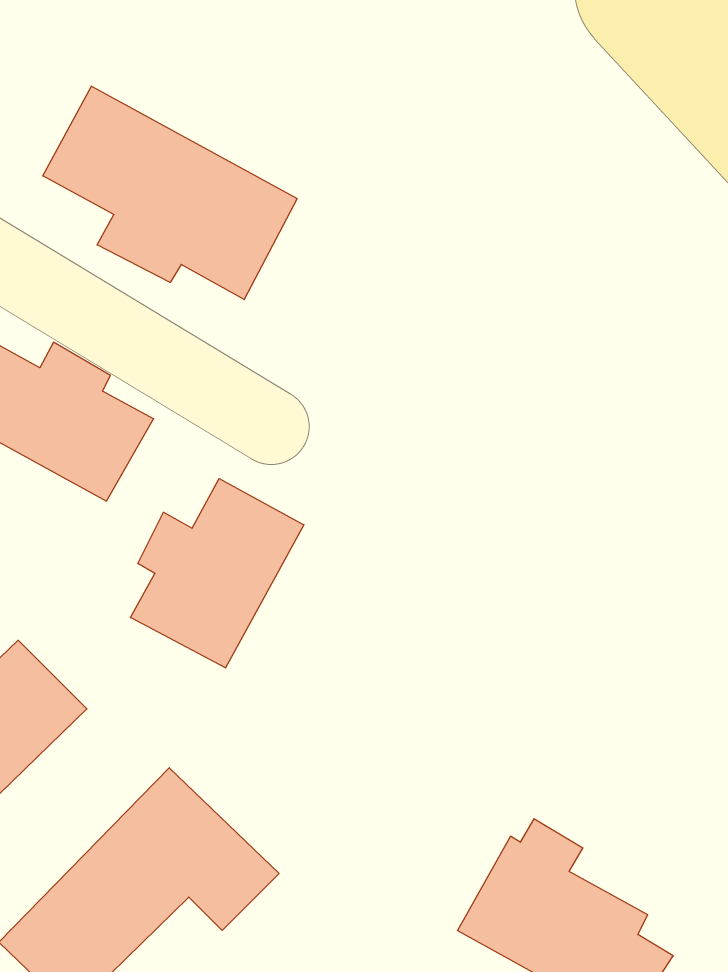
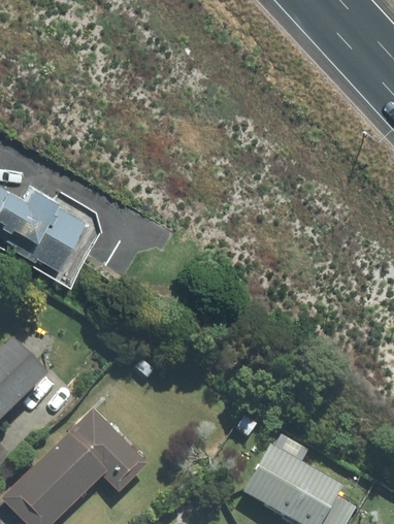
building: [43,86,297,300] -> none
building: [130,479,304,668] -> none

